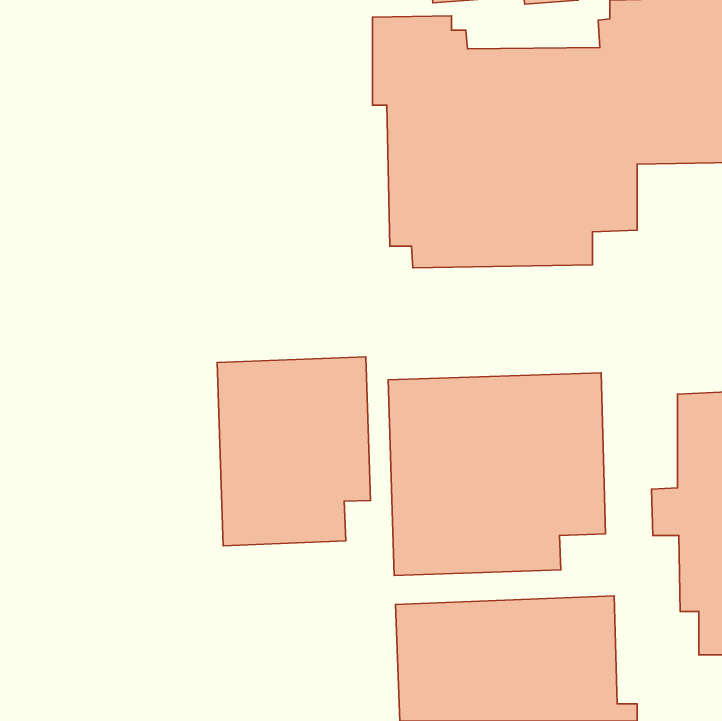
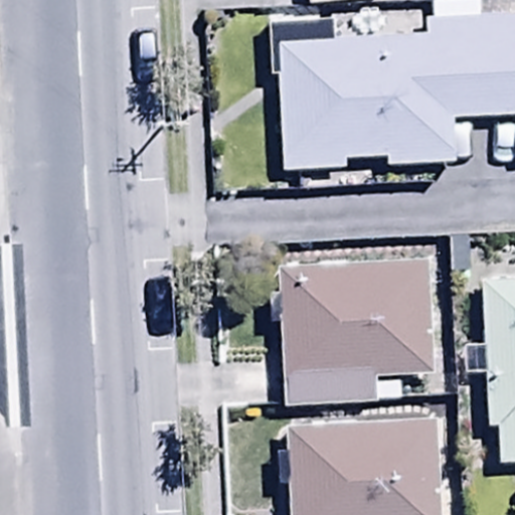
building: [217,357,371,546] -> none

